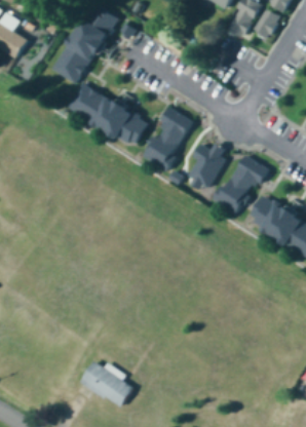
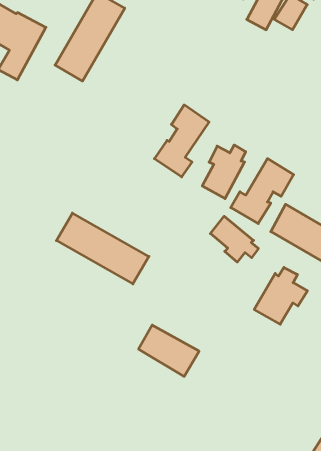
building: [68,82,151,146] -> [56,213,149,284]
building: none -> [210,216,258,262]
building: none -> [254,267,307,324]
building: [76,362,130,409] -> [139,325,199,376]

